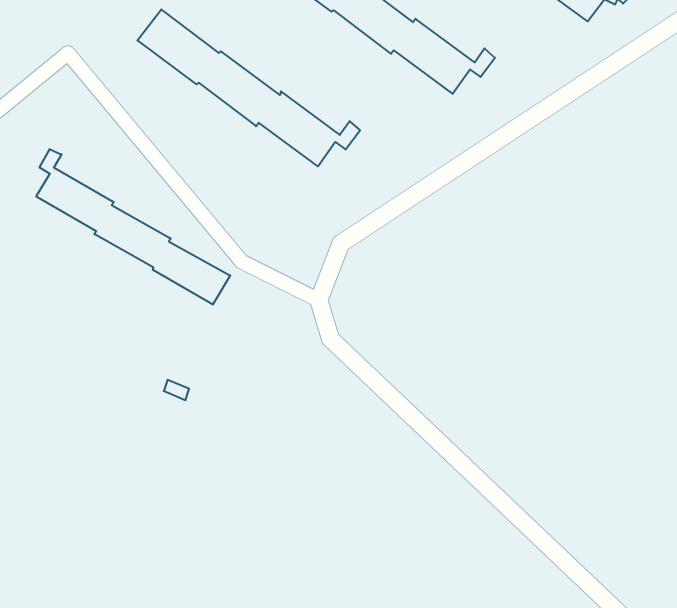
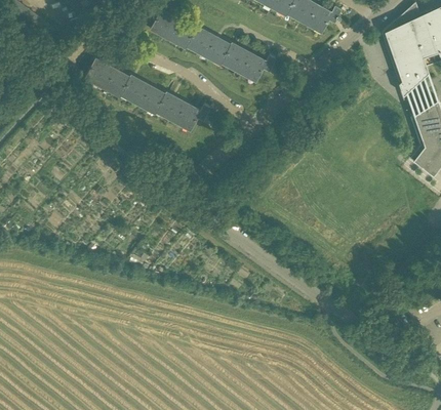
building: [36,149,230,305] -> none

